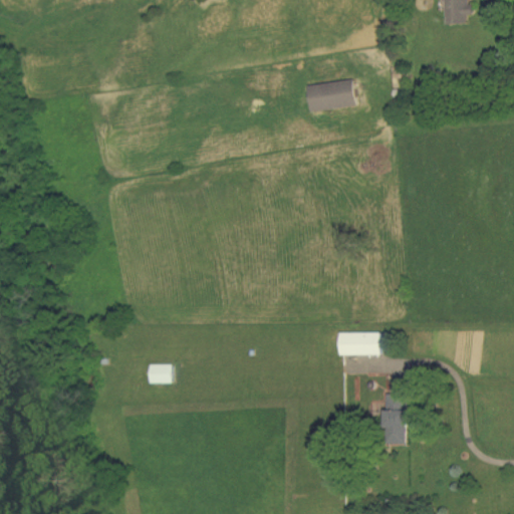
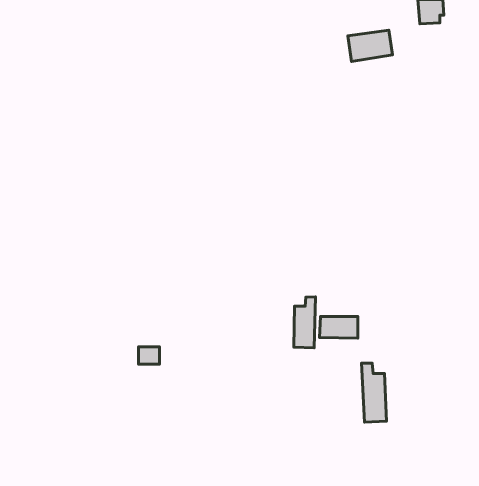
building: [306,80,353,113] -> [348,30,393,62]
building: none -> [294,297,315,348]

